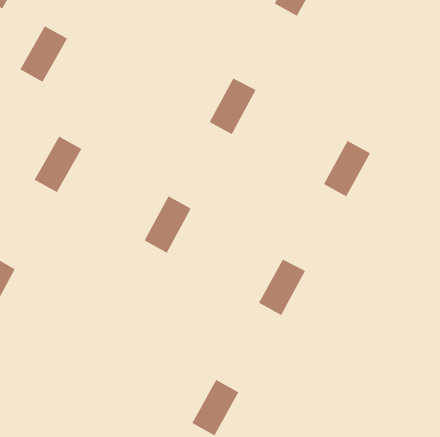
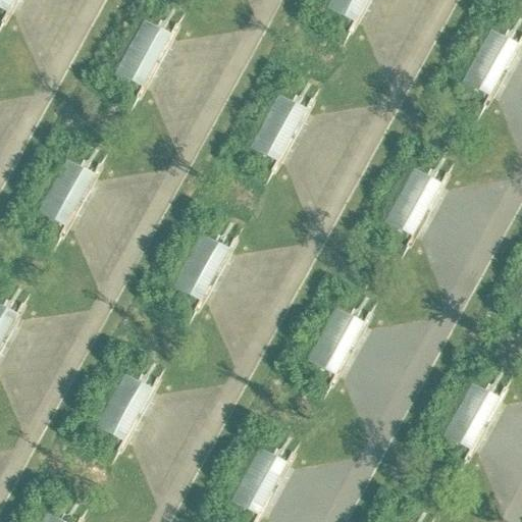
building: none -> [457,25,513,93]
building: [19,25,68,83] -> [116,20,173,88]
building: none -> [92,372,148,440]
building: none -> [438,378,494,447]

